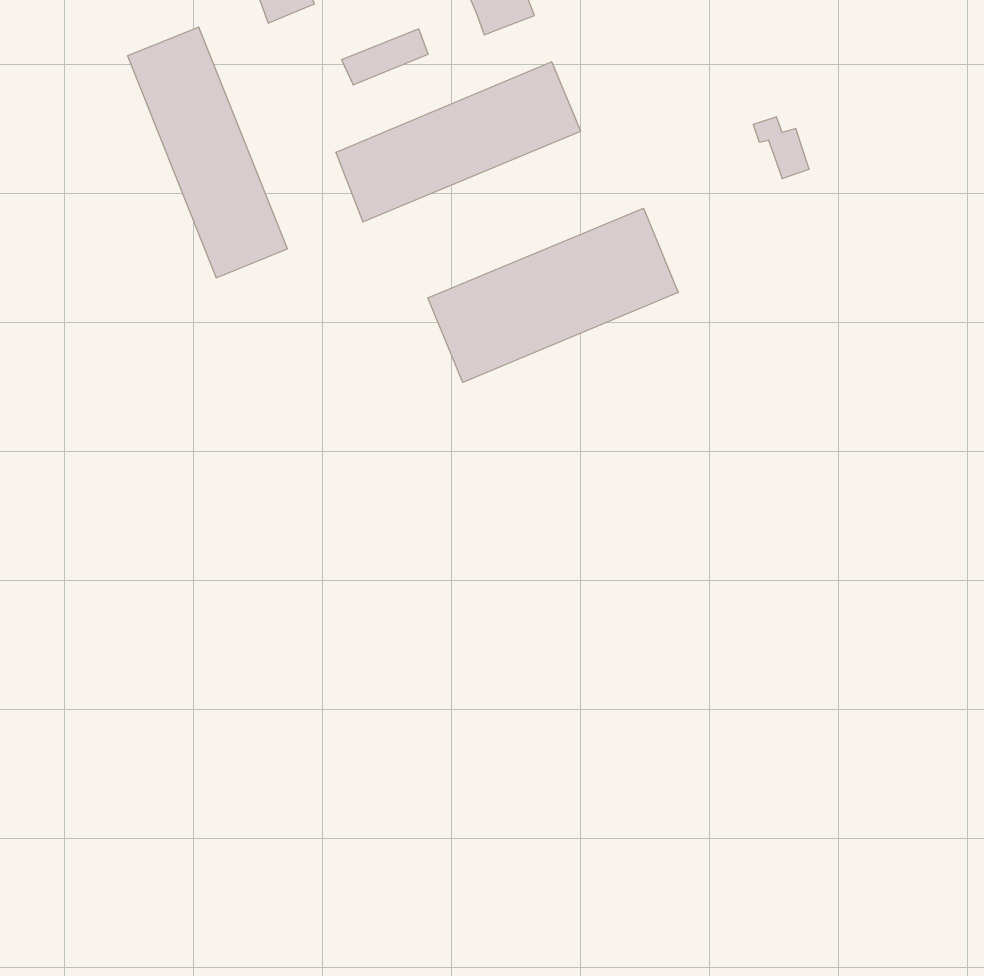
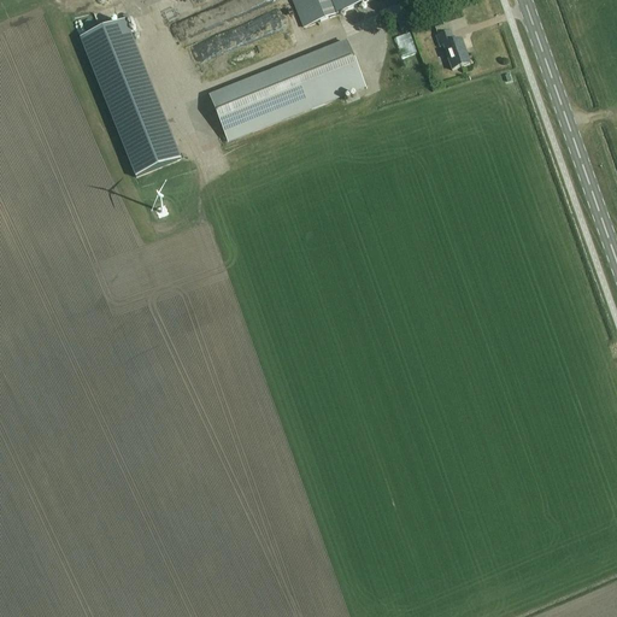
building: [753,117,809,179] -> [434,27,469,65]
building: [428,208,678,382] -> none

